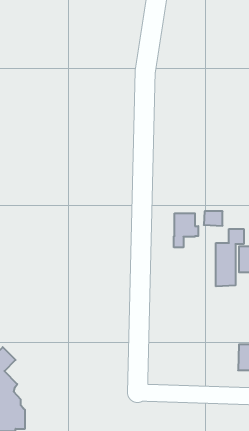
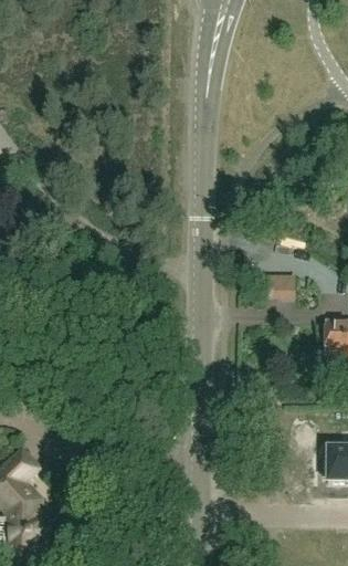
building: [174,213,198,247] -> none
building: [216,229,244,286] -> none

